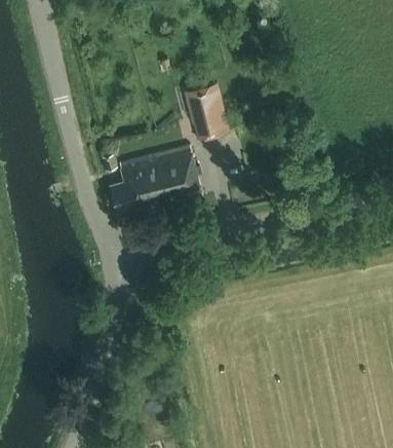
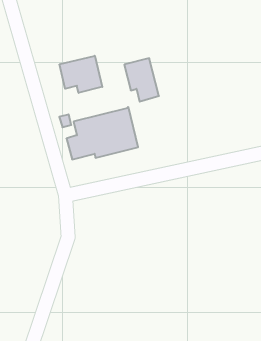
building: none -> [60,56,102,93]

